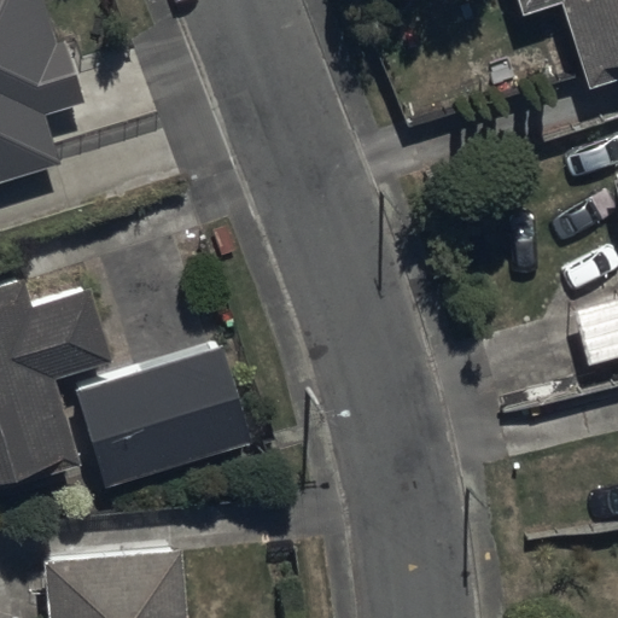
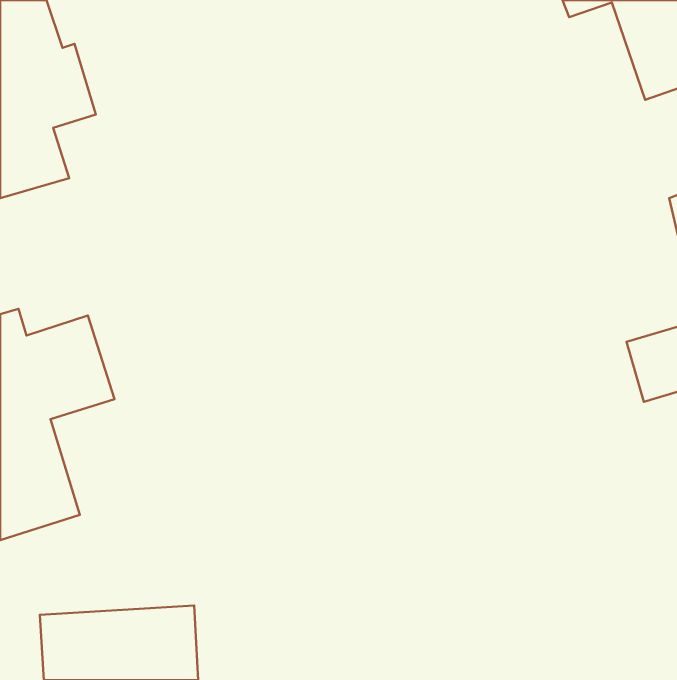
building: [71,342,244,488] -> none

